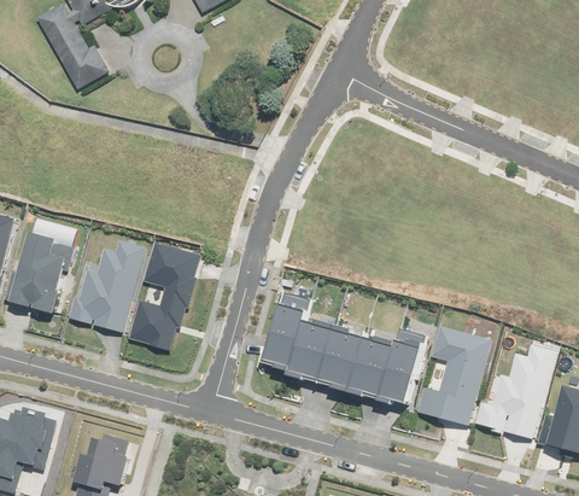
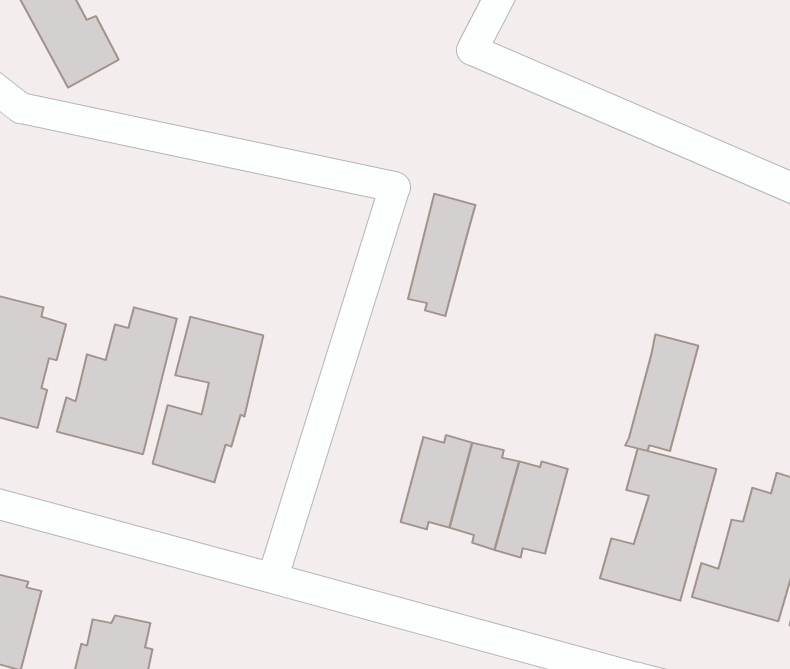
building: [264,291,308,369] -> [408,194,476,316]
building: [378,328,425,403] -> [625,334,698,451]

